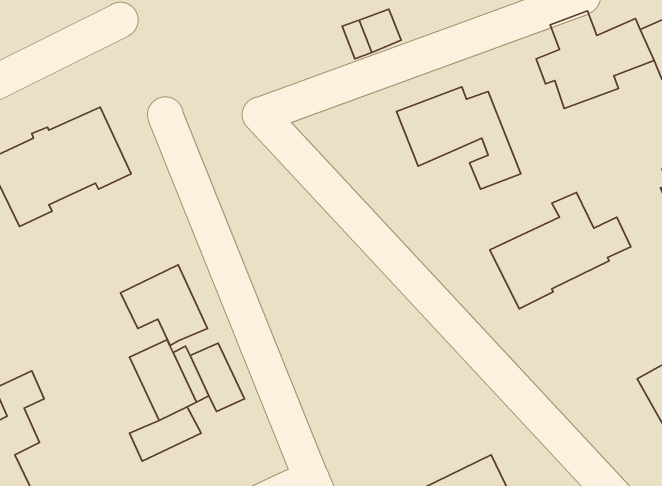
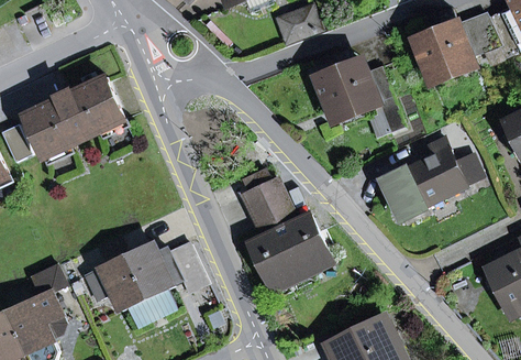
building: none -> [243,178,291,226]
building: [121,265,208,346] -> [86,253,147,310]
building: none -> [250,214,332,282]

